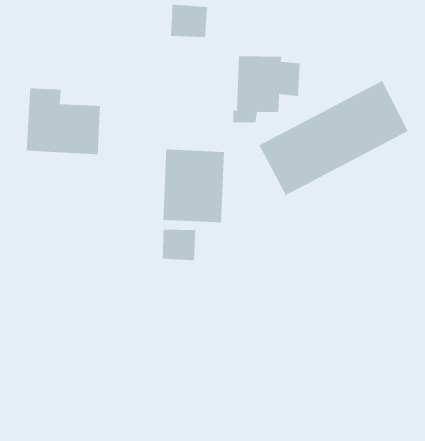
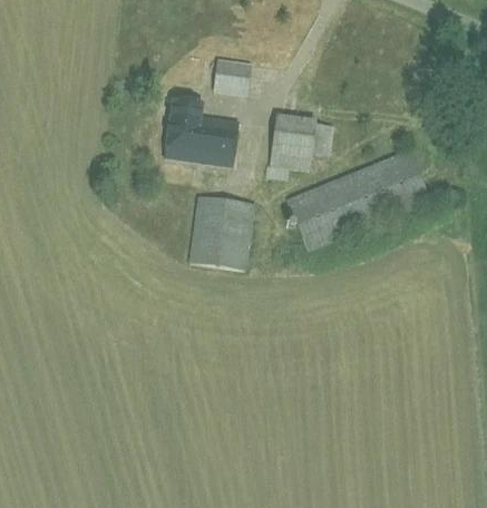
building: [26,88,101,155] -> [163,97,237,166]
building: [162,229,196,261] -> none

